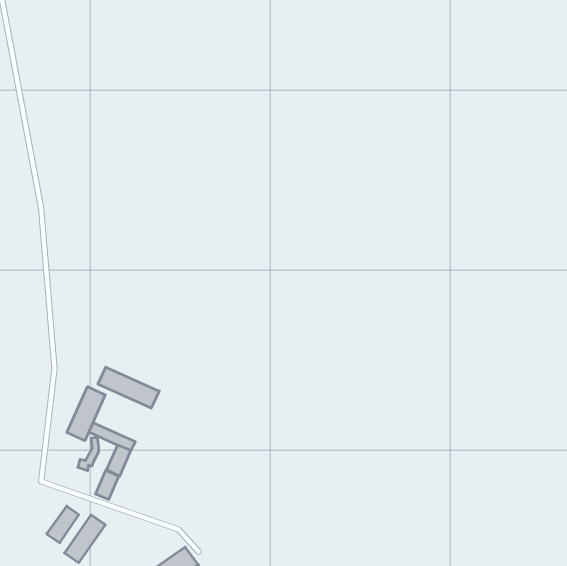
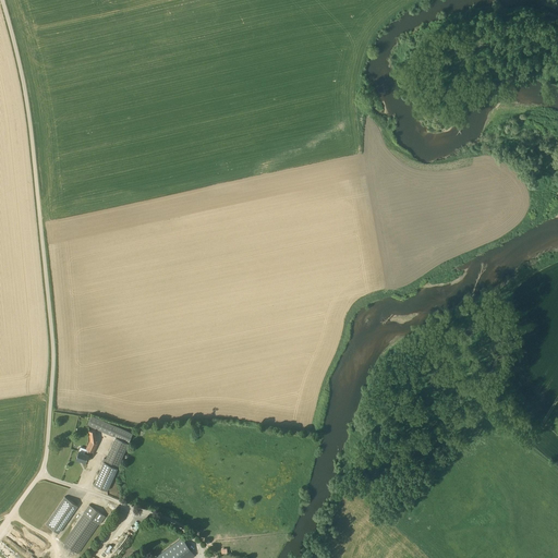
building: [98,367,159,408] -> none
building: [67,387,105,441] -> none

